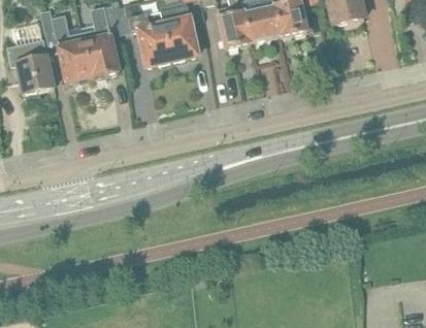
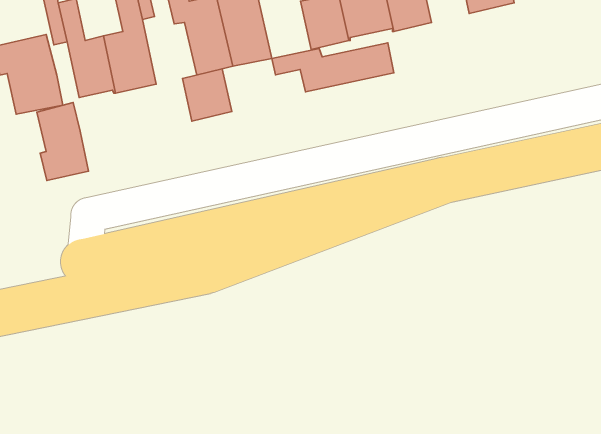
building: none -> [272,43,394,92]
building: none -> [182,69,232,121]
building: none -> [37,102,88,181]

